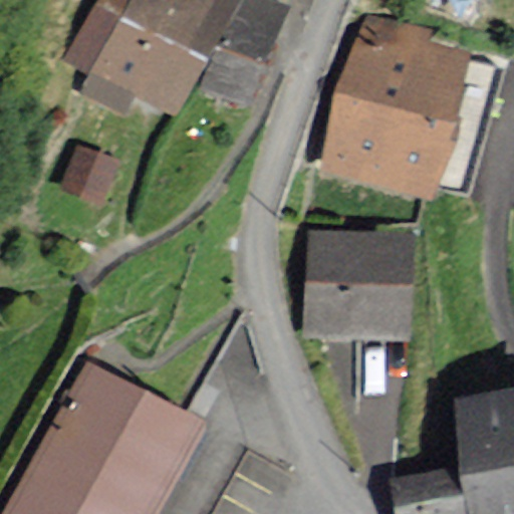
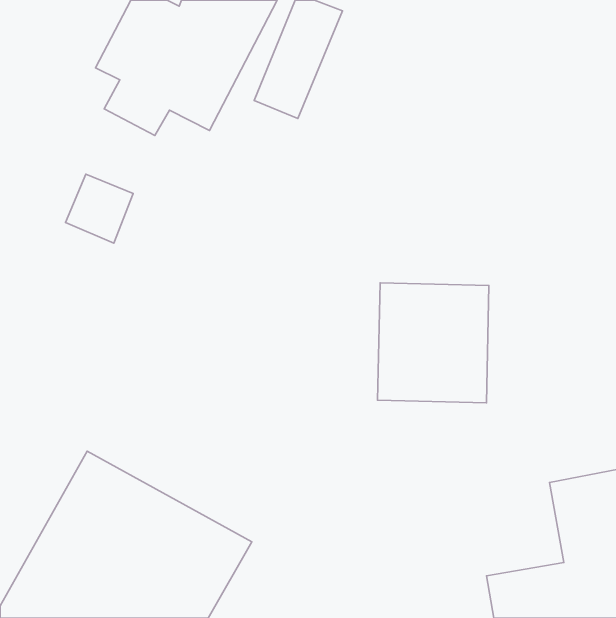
building: [325,18,463,196] -> none

